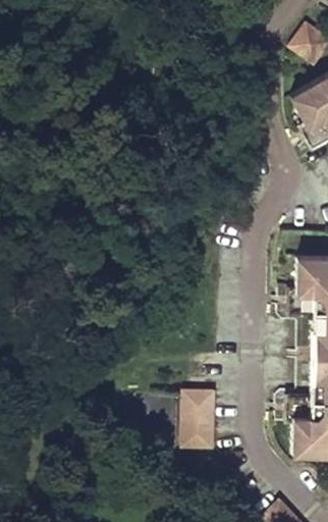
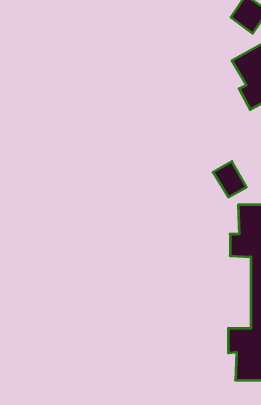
building: none -> [213,161,246,197]
building: [182,393,216,453] -> none

